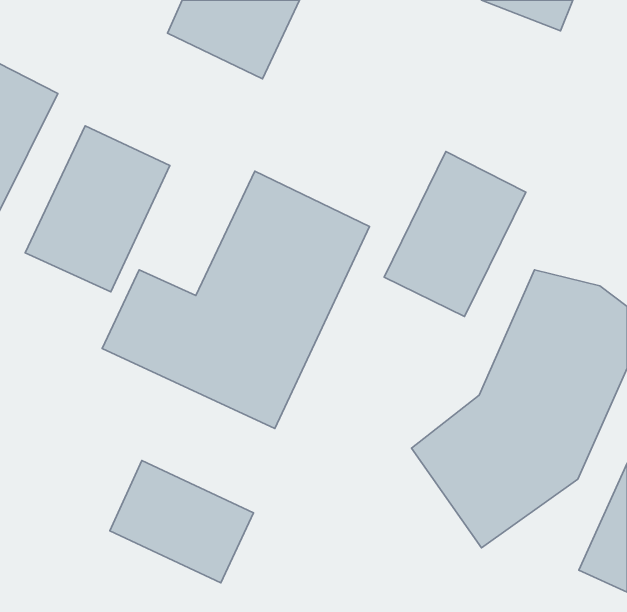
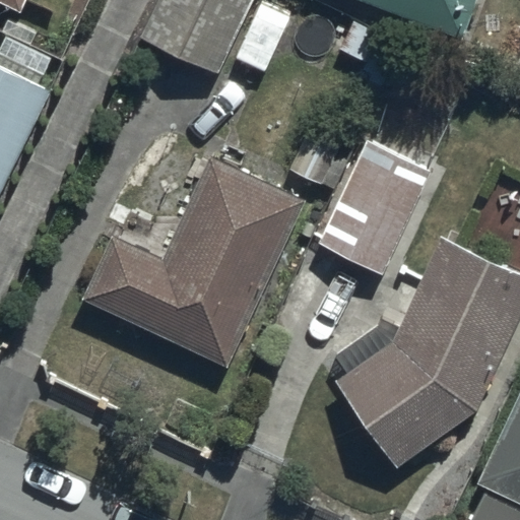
building: [25,126,170,292] -> none
building: [110,460,253,583] -> none

